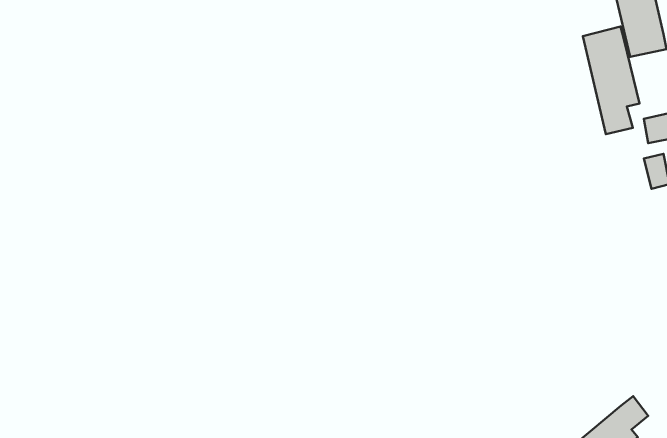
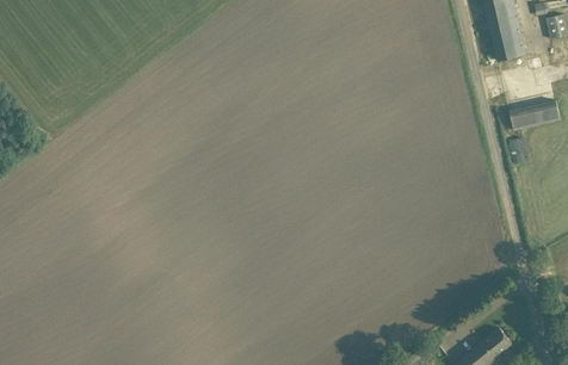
building: [583,26,640,134] -> none

